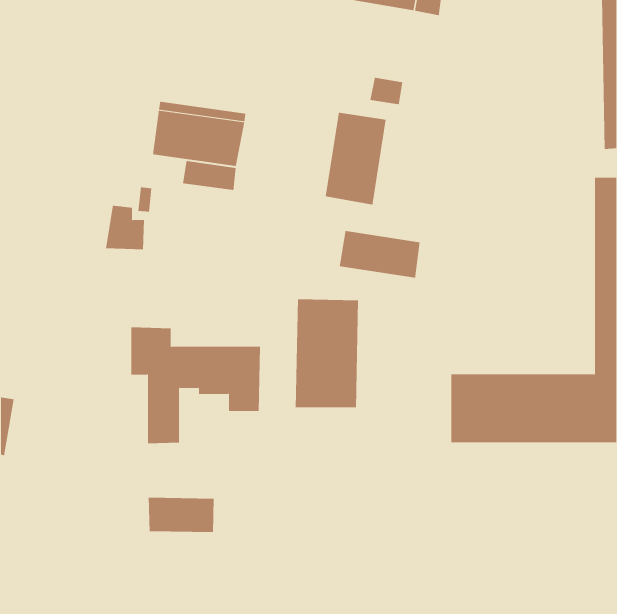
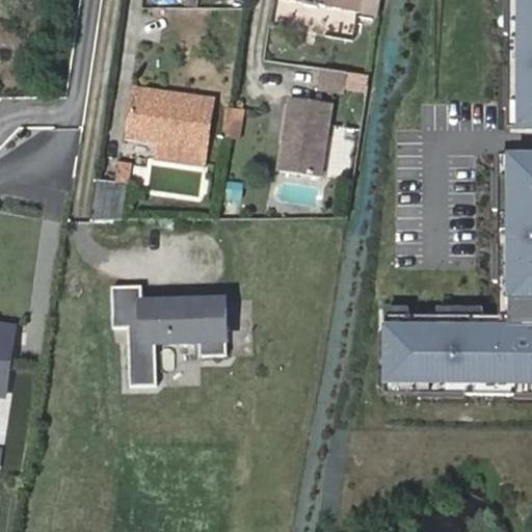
building: [339,230,420,278] -> none
building: [295,299,358,408] -> none
building: [148,497,214,533] -> none

